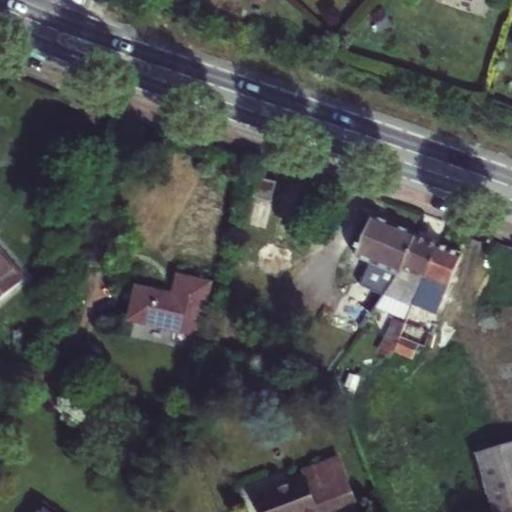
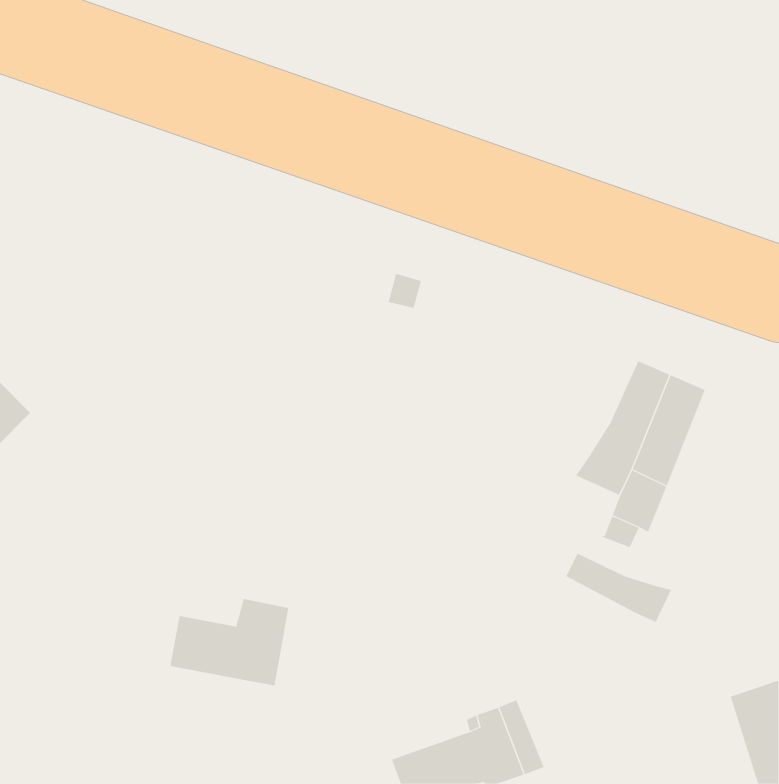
building: [353,215,416,297] -> none
building: [129,276,207,333] -> [170,599,289,686]
building: none -> [565,553,672,623]

